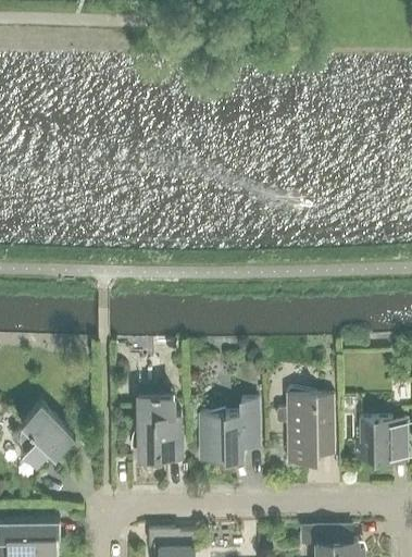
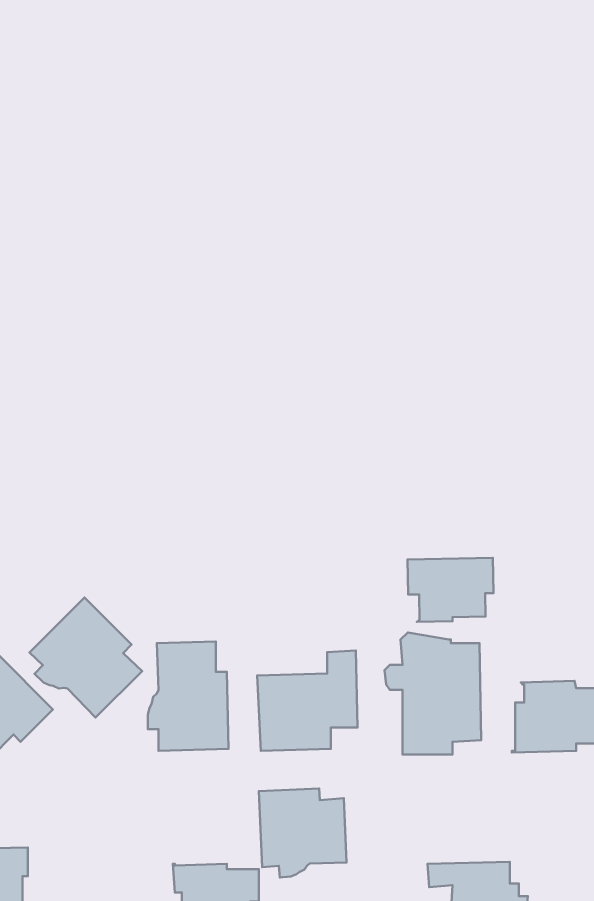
building: none -> [408,558,493,622]
building: none -> [29,597,142,717]
building: none -> [259,788,346,878]

